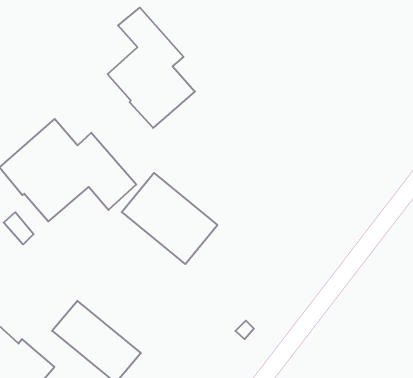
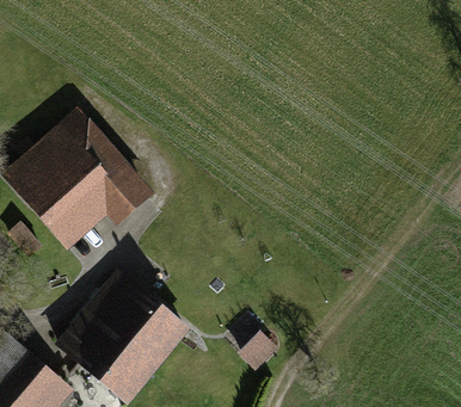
building: [108,8,195,128] -> none
building: [122,173,217,264] -> [88,275,188,369]

